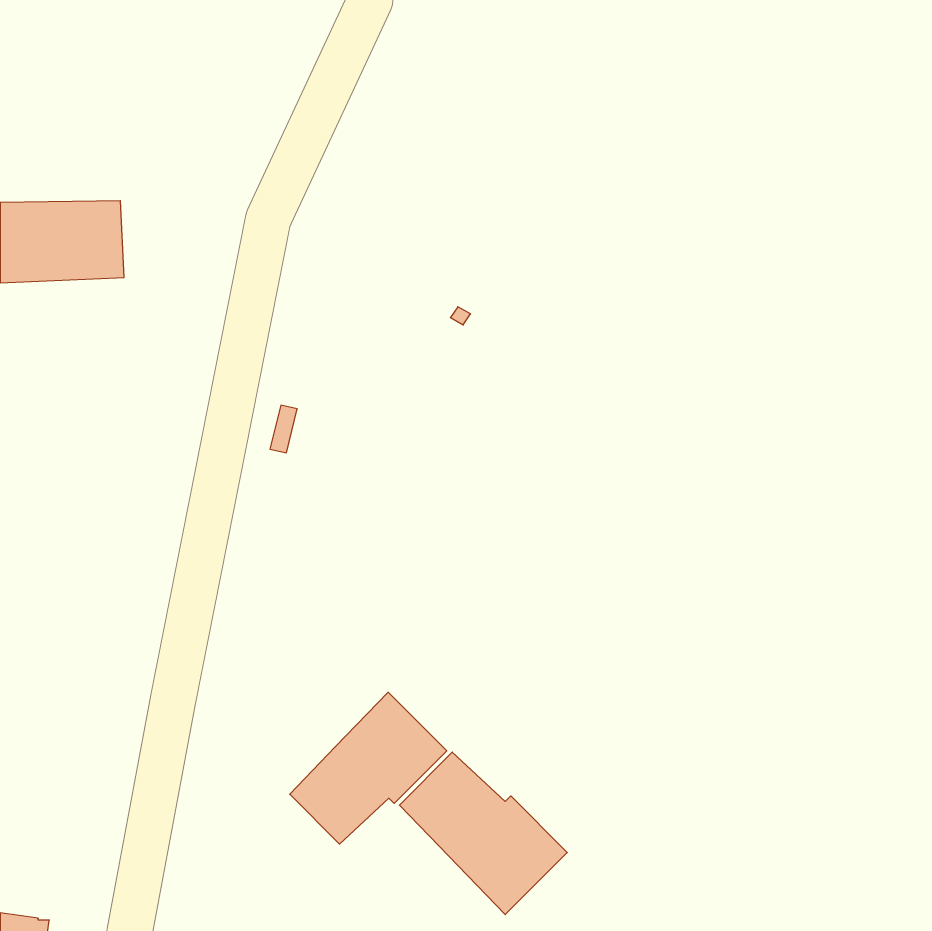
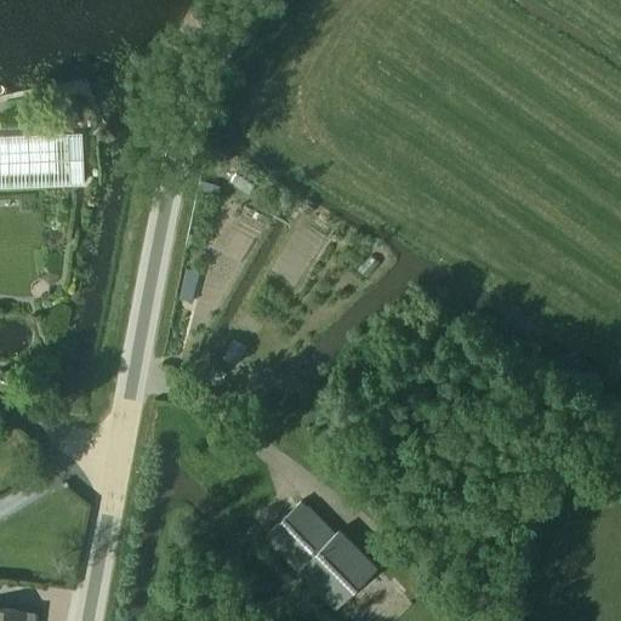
building: [290,692,447,844] -> none

